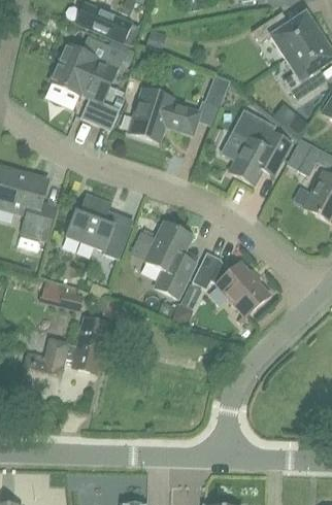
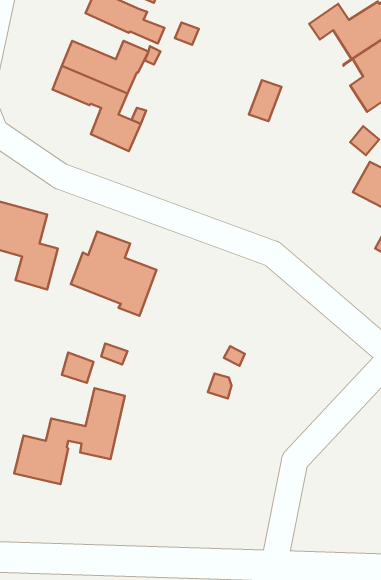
building: [128,88,199,141] -> none
building: [229,107,292,184] -> none
building: [144,221,195,297] -> none
building: [192,251,268,315] -> none

